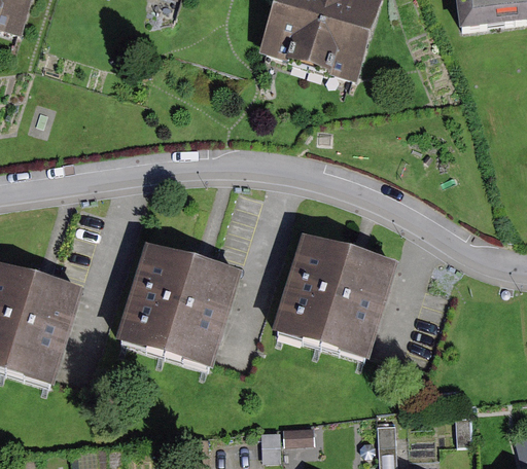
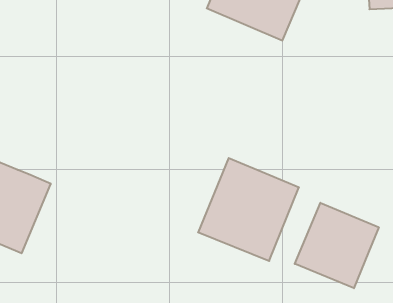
building: [116,243,242,366] -> none
building: none -> [295,203,379,288]

